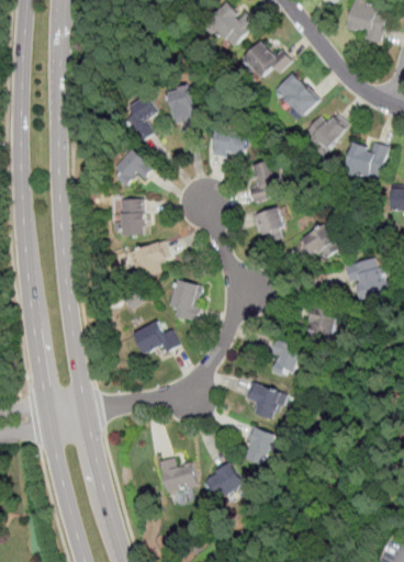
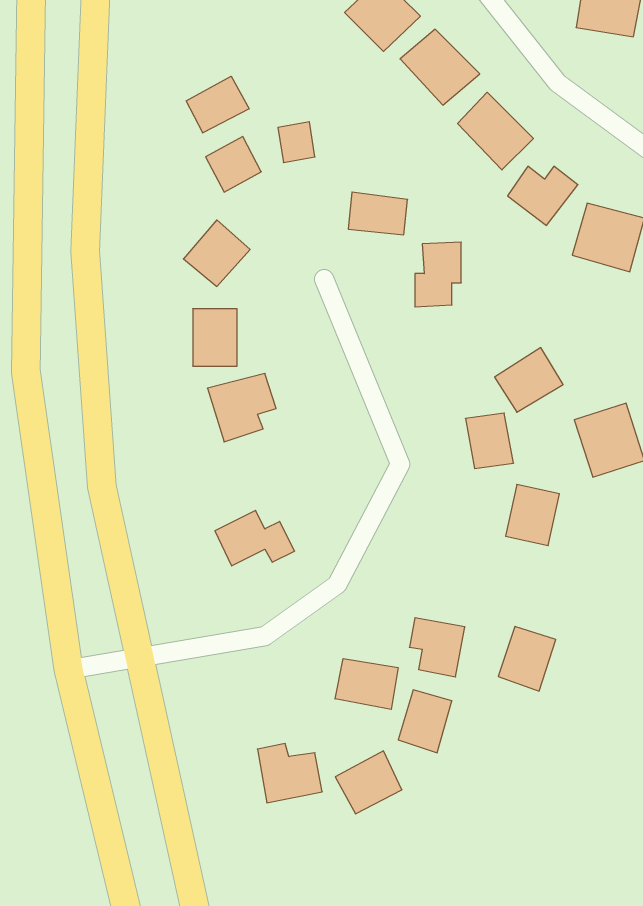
building: none -> [186,76,249,133]
building: [256,209,284,241] -> [465,413,514,469]
building: [167,279,201,321] -> none
building: [268,340,302,379] -> [498,626,556,691]
building: none -> [335,659,398,709]

